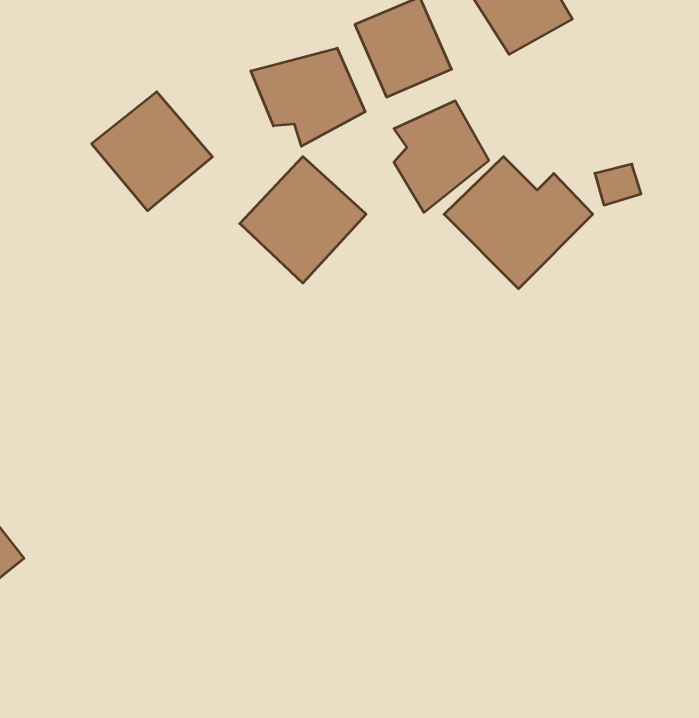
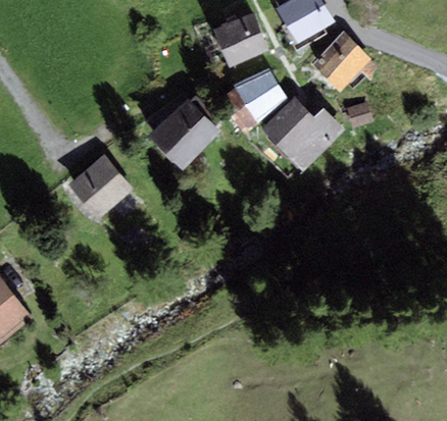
building: none -> [312,31,369,88]
building: [251,48,365,146] -> none
building: [92,92,212,211] -> [65,154,132,219]

